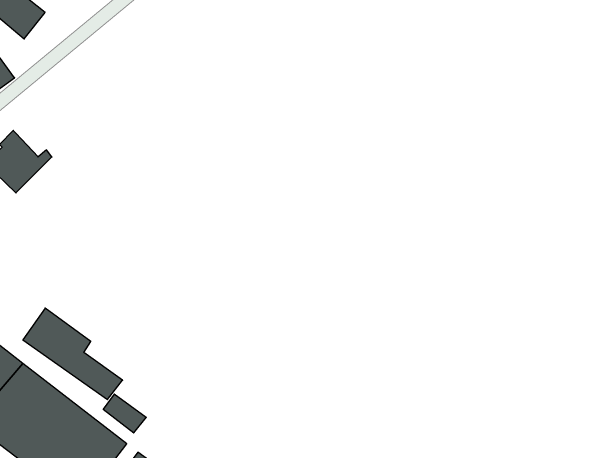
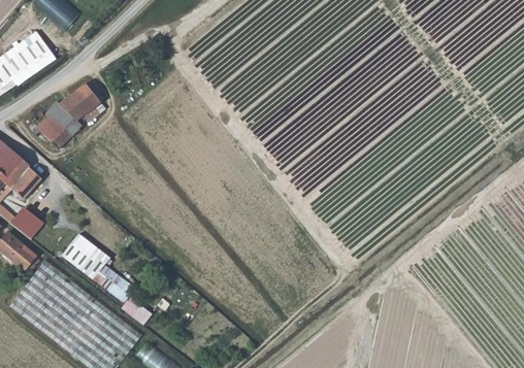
building: none -> [57,81,98,120]

